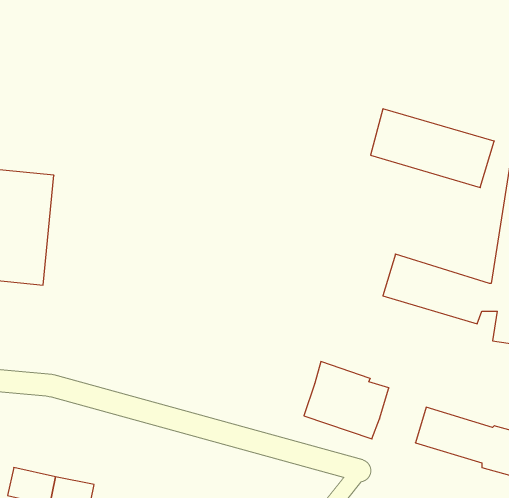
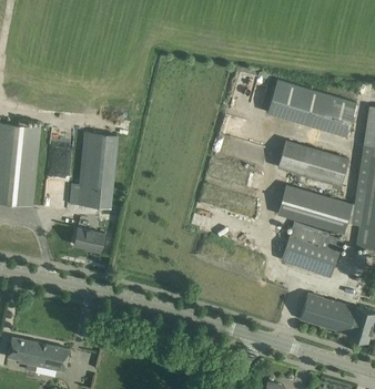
building: none -> [68,132,116,208]
building: none -> [277,141,347,185]
building: none -> [73,227,104,254]
building: [304,362,389,439] -> [282,222,343,277]

